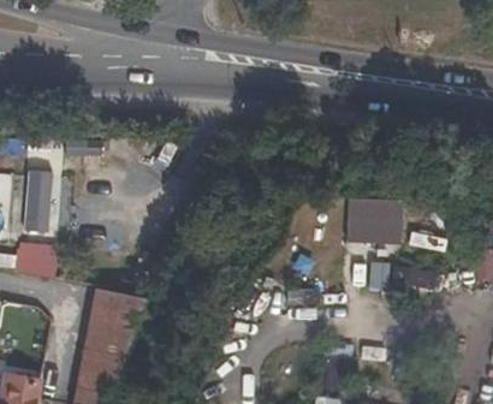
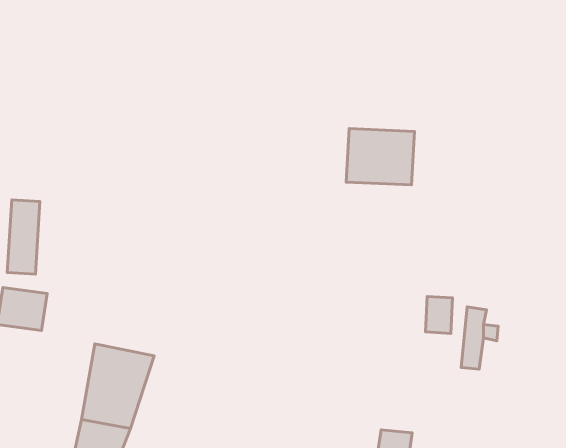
building: [348,198,403,244] -> [346,129,415,185]

